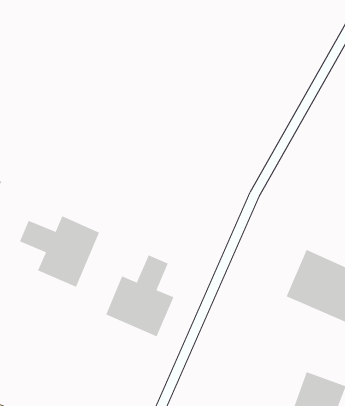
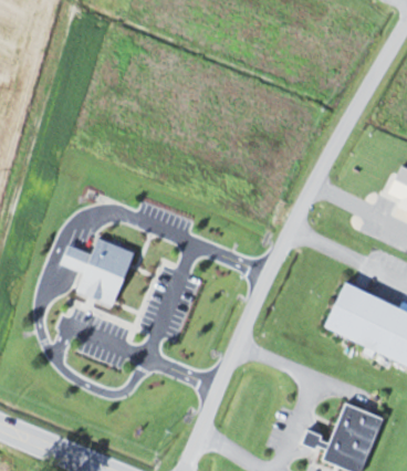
building: [105,255,174,337] -> none

